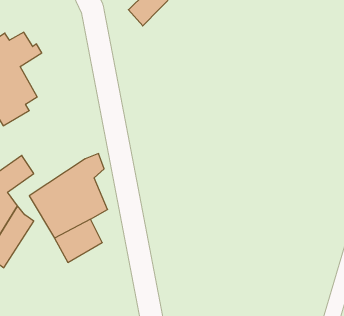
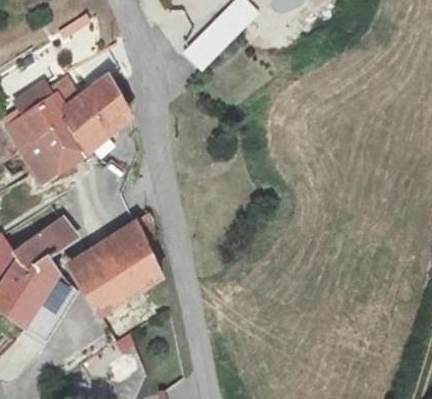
building: none -> [61,75,122,151]

